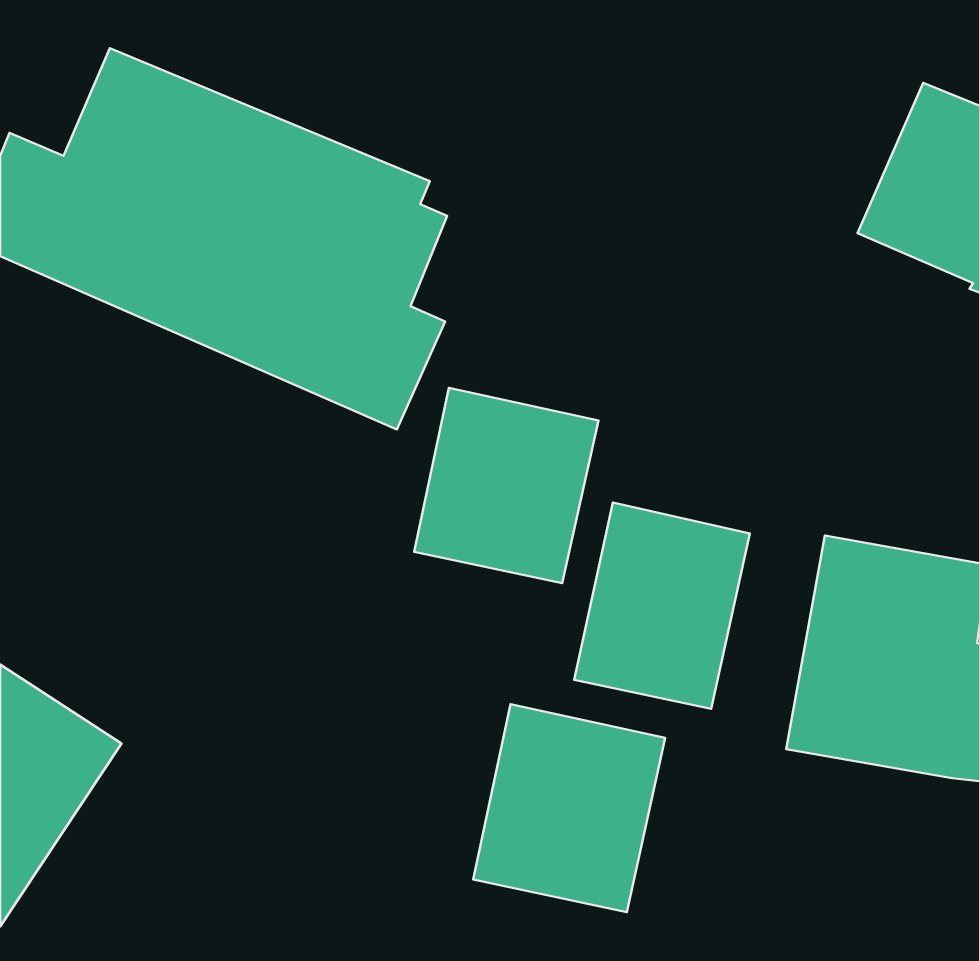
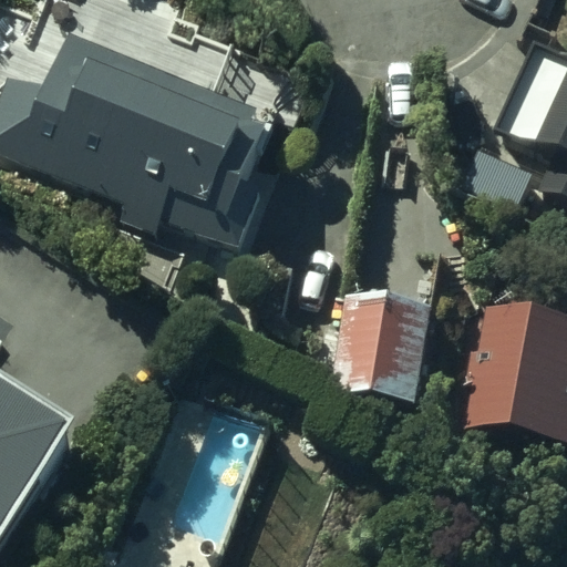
building: [414,388,598,583] -> none
building: [473,704,665,912] -> none

